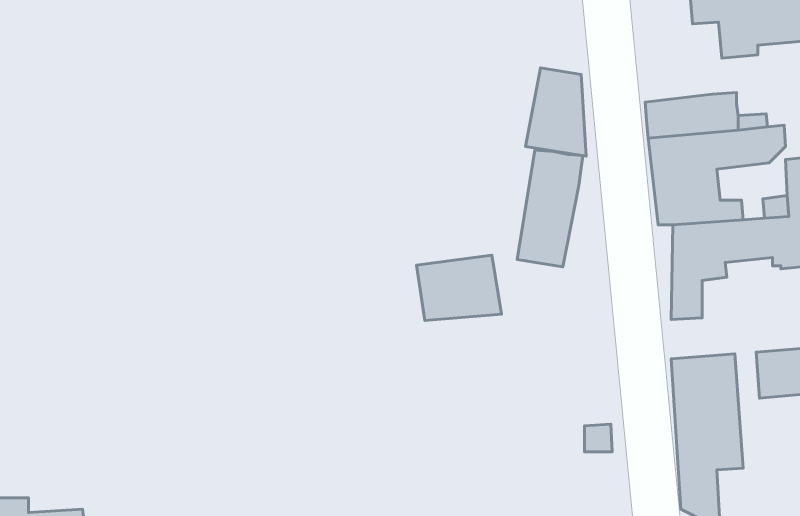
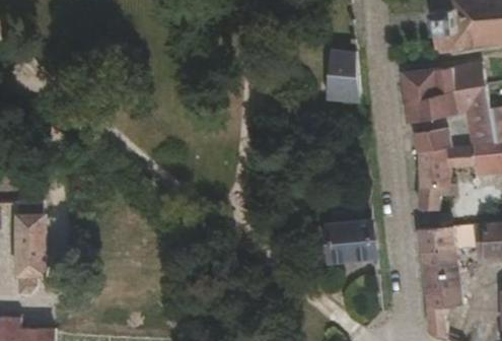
building: [517,150,583,267] -> none
building: [417,255,502,321] -> [330,221,382,262]
building: none -> [19,217,50,300]

